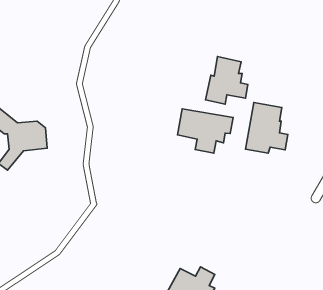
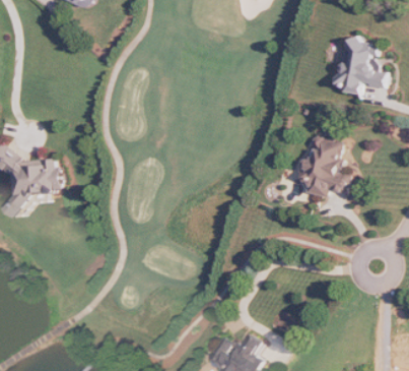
building: [206,57,248,104] -> [335,39,386,96]
building: [177,109,233,153] -> none

